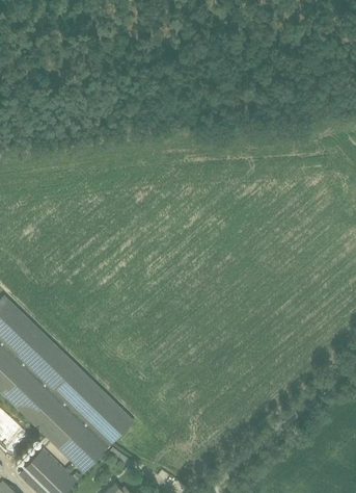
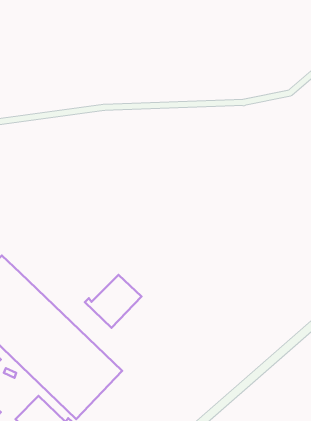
building: none -> [85,275,141,328]

